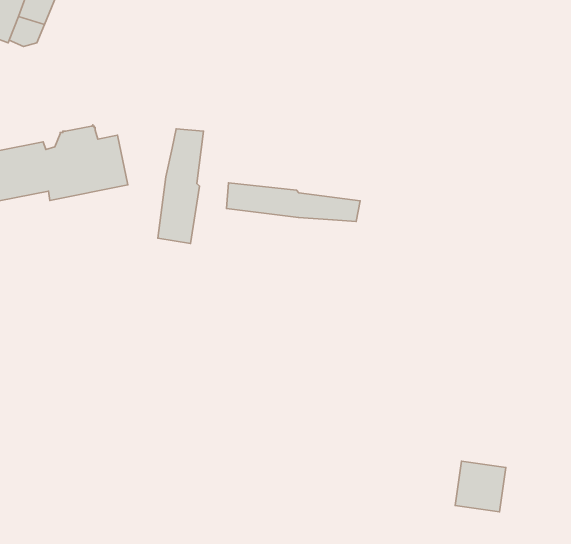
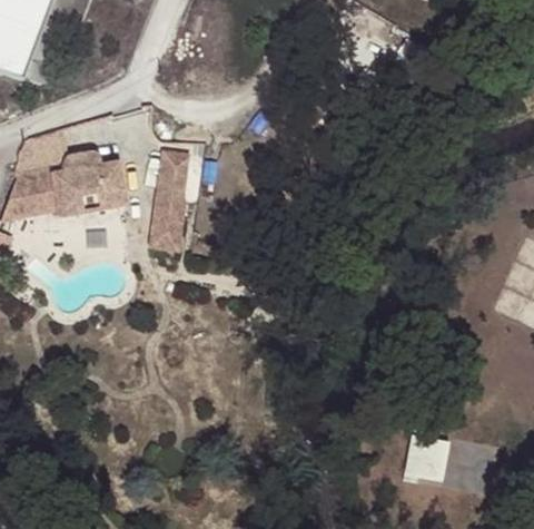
building: [227,183,360,222] -> none

